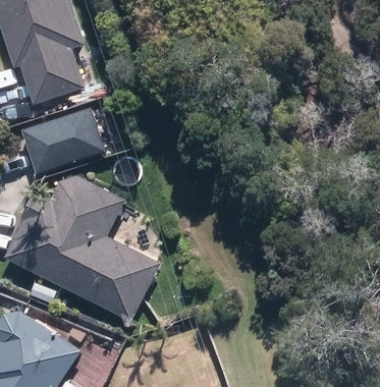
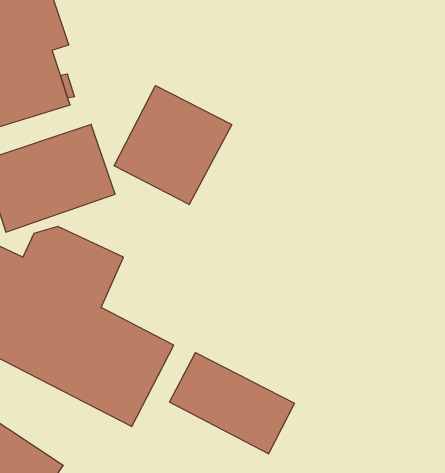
building: none -> [114,86,232,205]
building: none -> [170,353,294,454]

